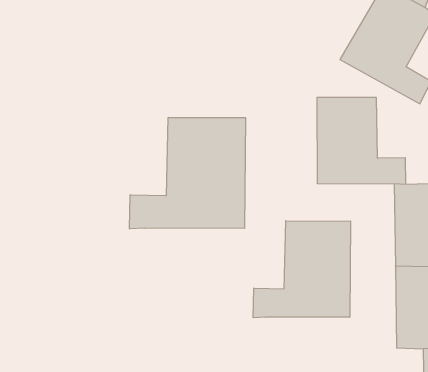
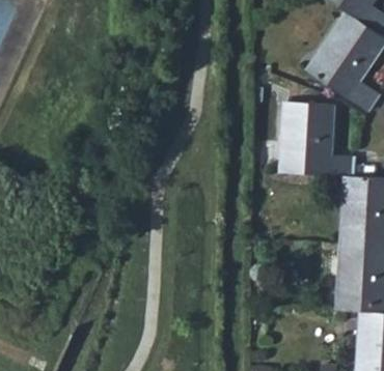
building: [130,117,246,229] -> none
building: [253,221,351,318] -> none

